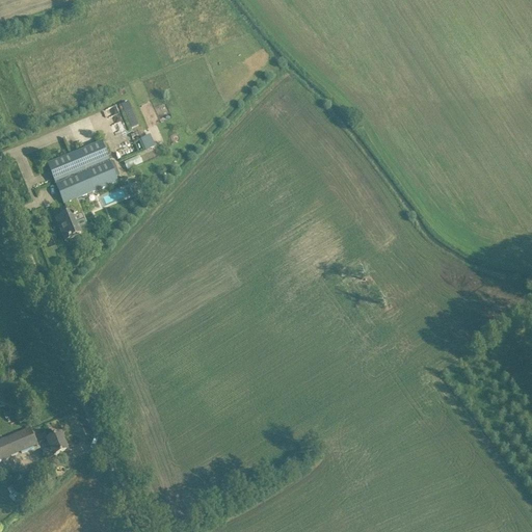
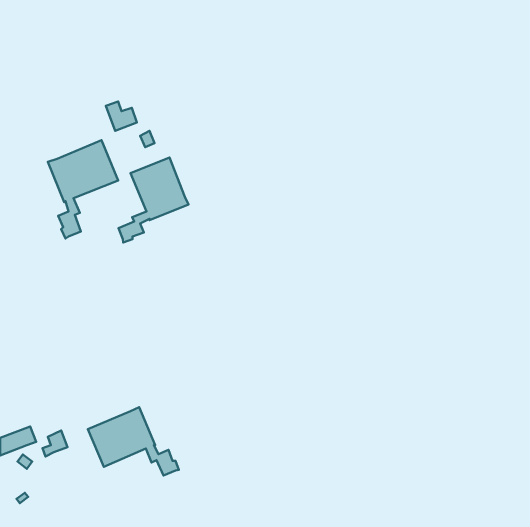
building: none -> [119,158,189,242]
building: none -> [88,407,179,475]

